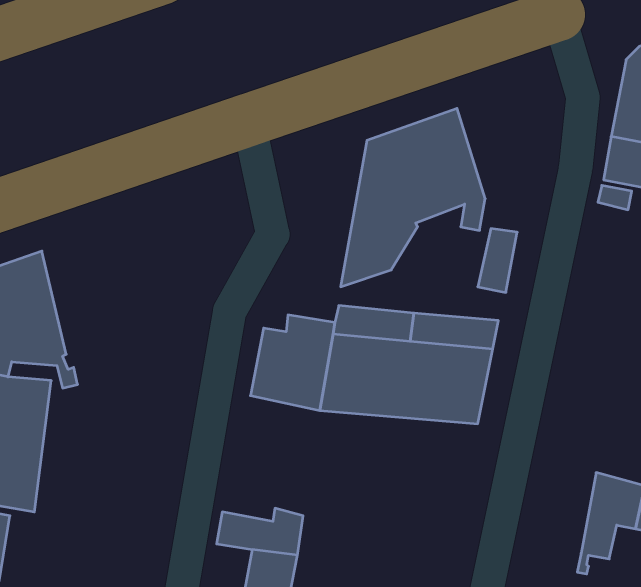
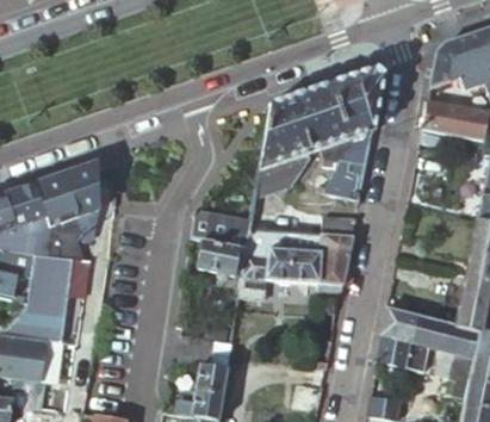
building: none -> [330,68,385,141]
building: none -> [67,163,99,249]
building: none -> [378,308,418,366]

